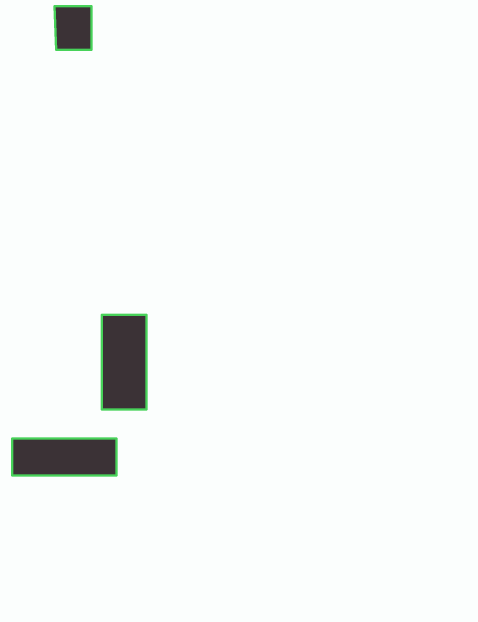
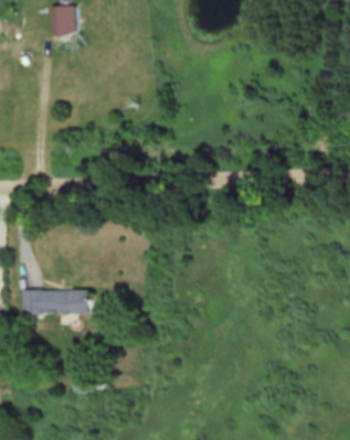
building: [102,315,147,410] -> none

